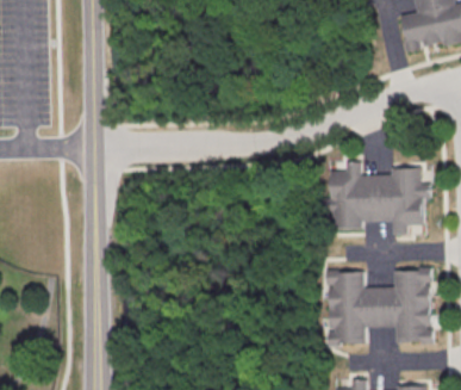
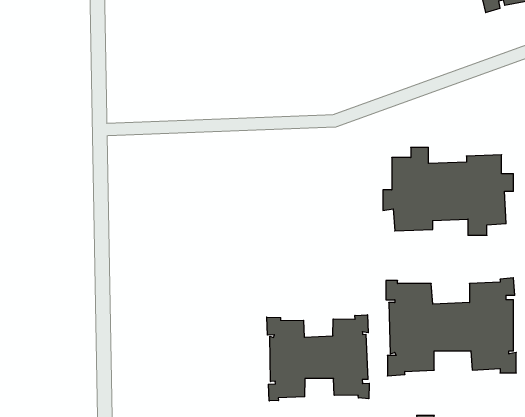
building: none -> [267,315,369,401]

